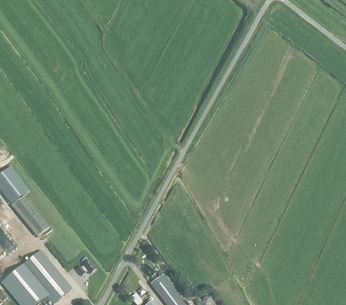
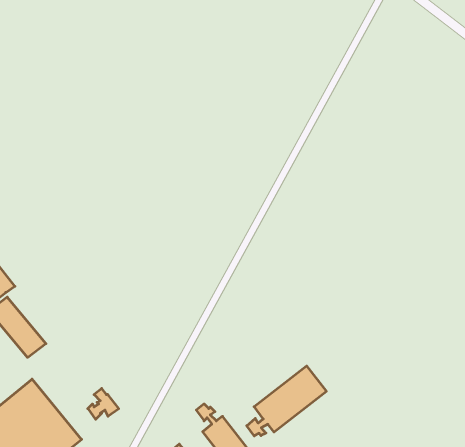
building: none -> [247,366,326,436]

